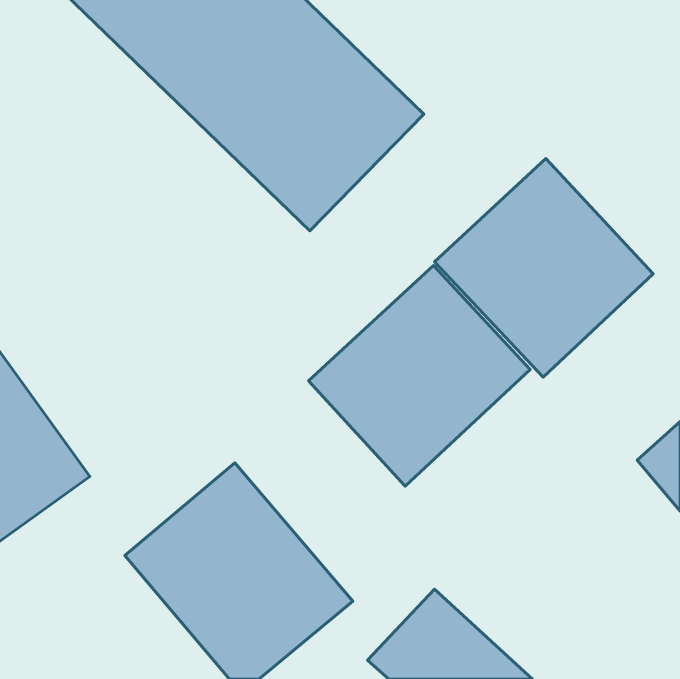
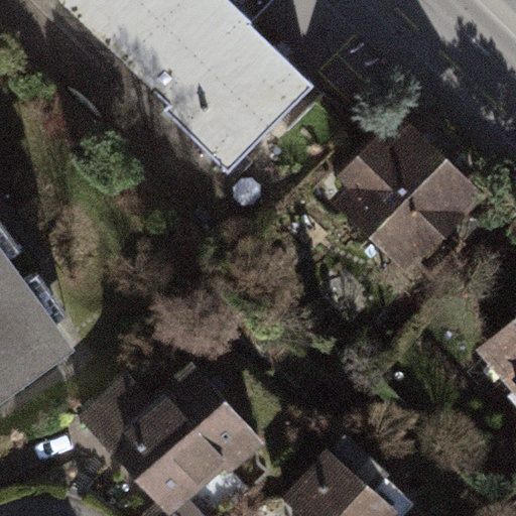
building: [309,266,530,486] -> none

